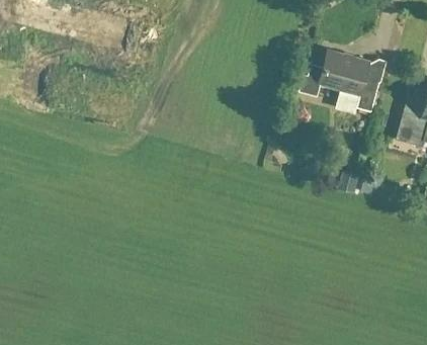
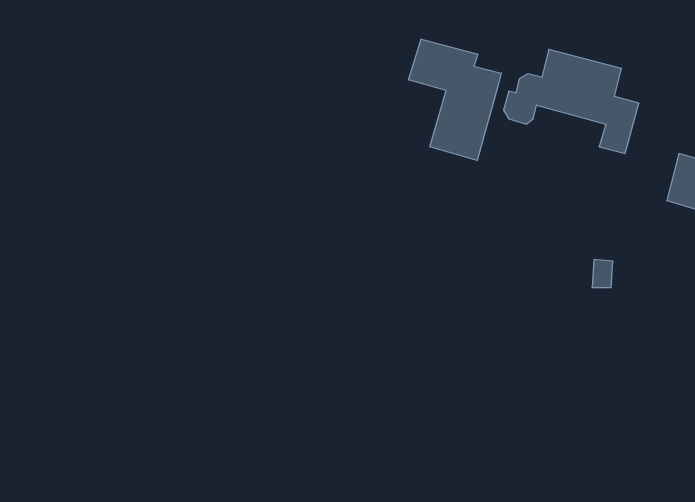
building: none -> [409,39,501,161]

